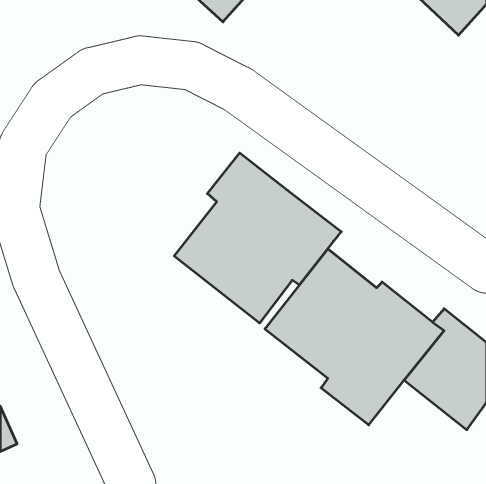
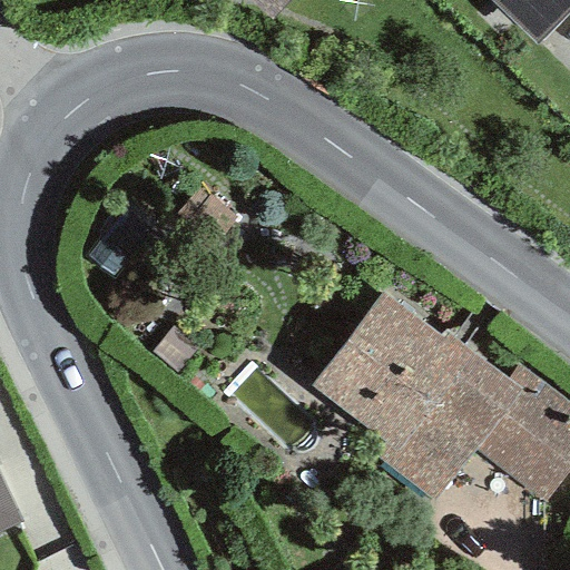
building: [174,153,341,323] -> none

